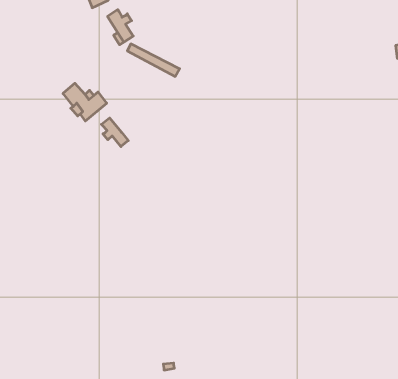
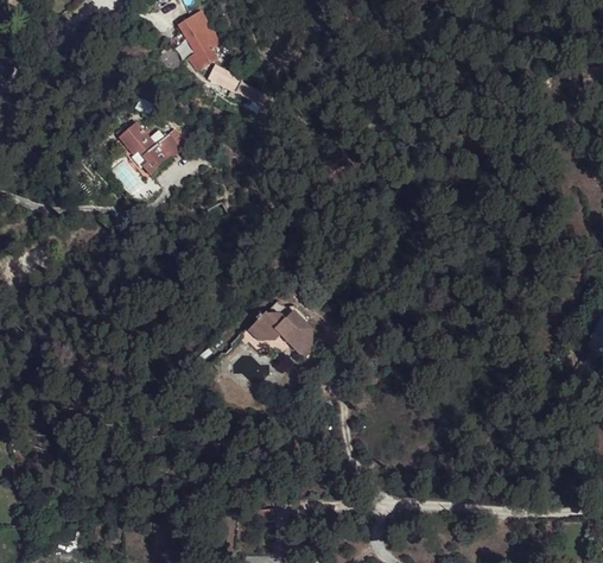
building: [101,118,128,147] -> none
building: none -> [248,302,312,358]

